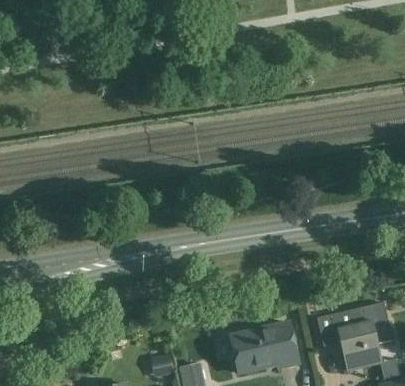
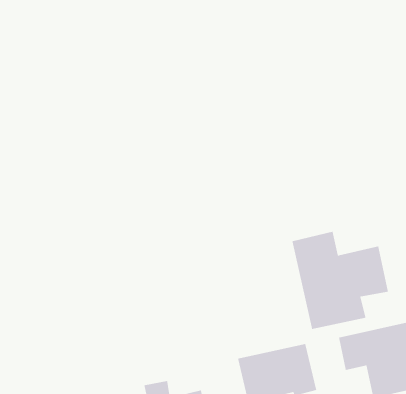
building: none -> [292,231,389,330]

